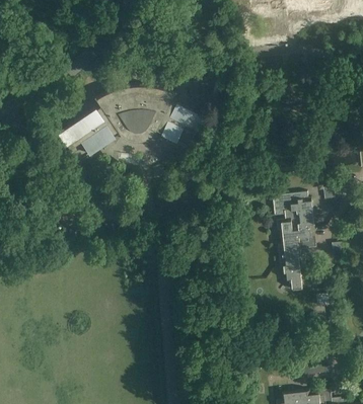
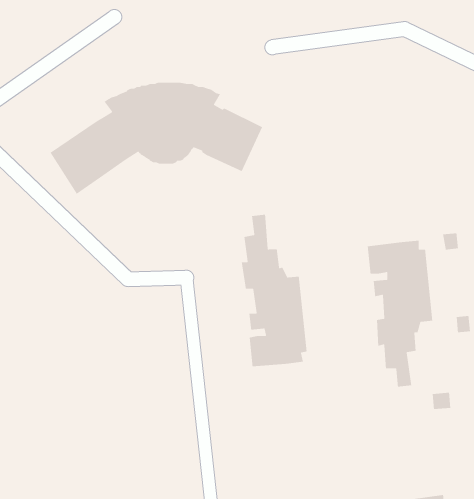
building: none -> [241,214,308,367]

